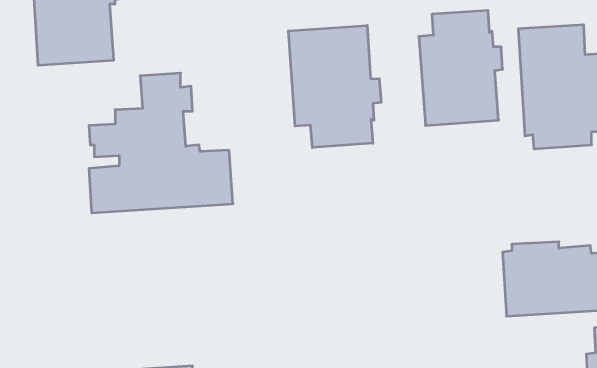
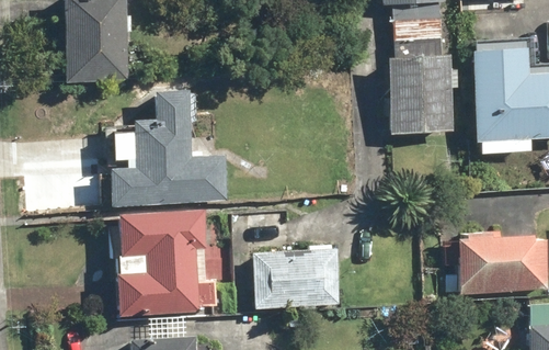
building: [288,25,381,148] -> none
building: none -> [115,210,218,316]
building: none -> [253,244,342,308]

